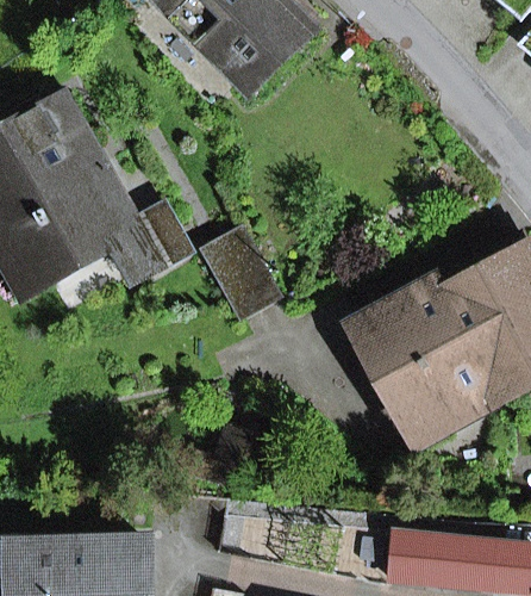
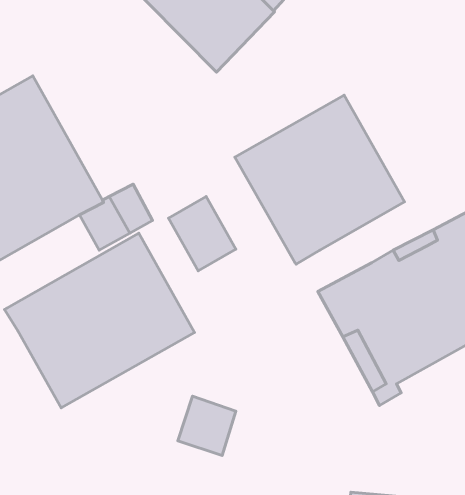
building: none -> [235,95,405,264]
building: none -> [5,233,195,408]

